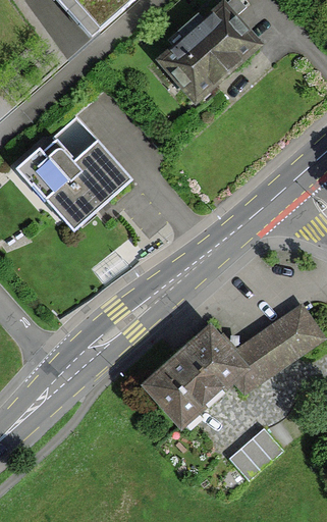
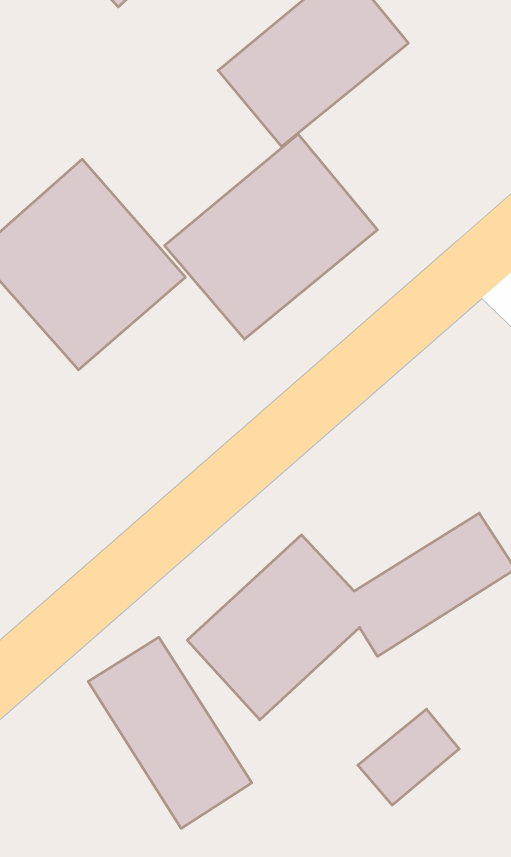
building: none -> [165,134,377,339]
building: none -> [88,637,252,828]

